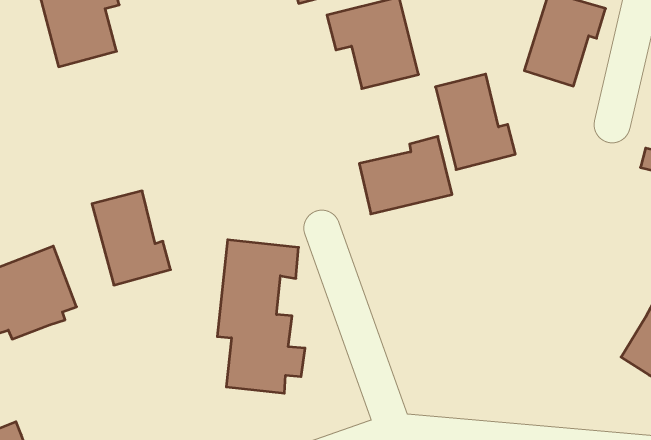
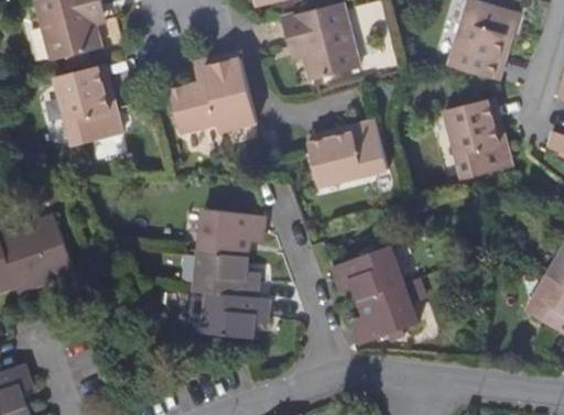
building: none -> [169,58,257,133]
building: [435,74,515,170] -> [443,99,511,181]
building: [92,191,171,285] -> [54,66,121,146]
building: none -> [336,244,423,346]

